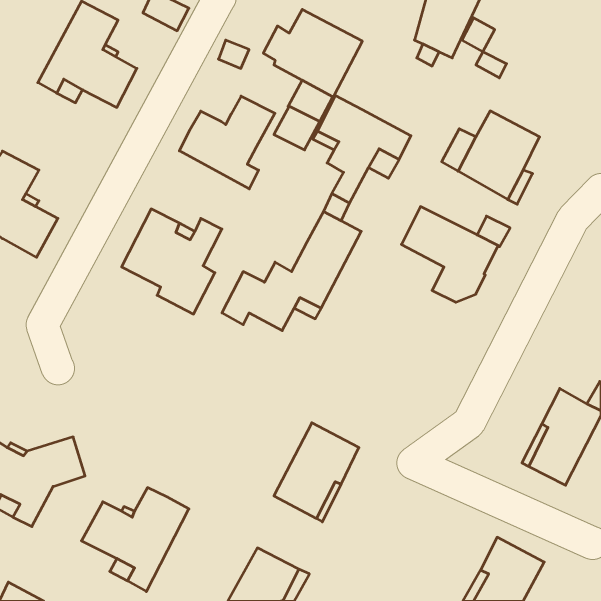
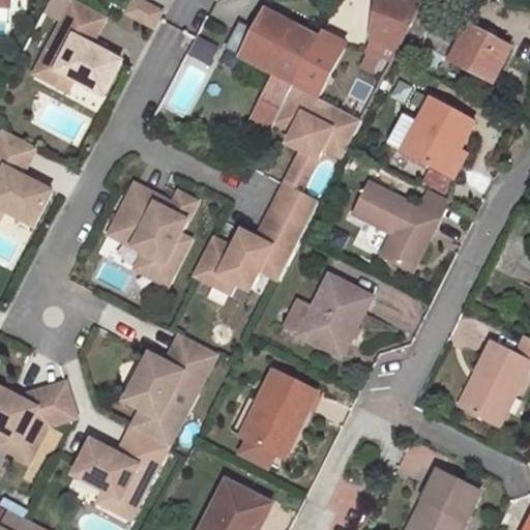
building: none -> [448,24,510,82]
building: none -> [293,30,345,96]
building: [179,96,275,189] -> none
building: none -> [299,275,370,355]
building: none -> [123,340,213,446]

